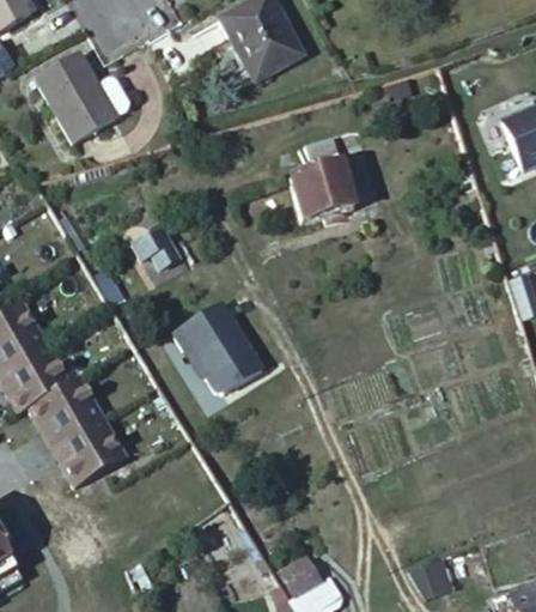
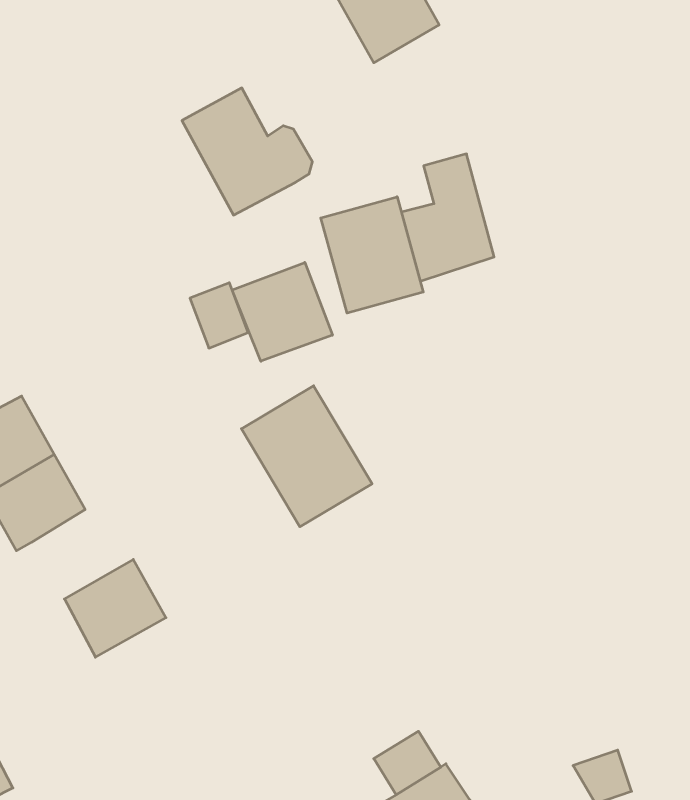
building: [35,55,126,144] -> [182,88,312,215]
building: none -> [321,197,423,313]
building: none -> [232,262,332,361]
building: [29,381,99,448] -> none

